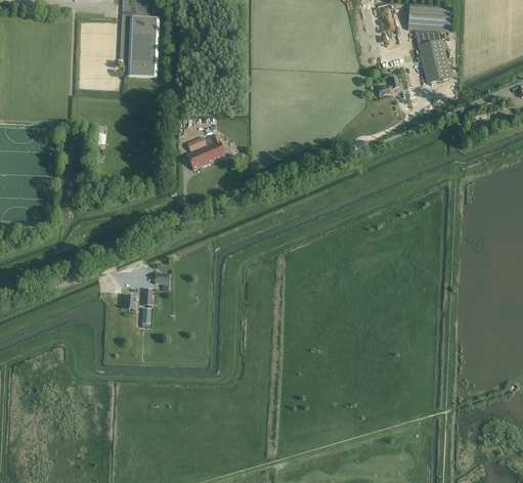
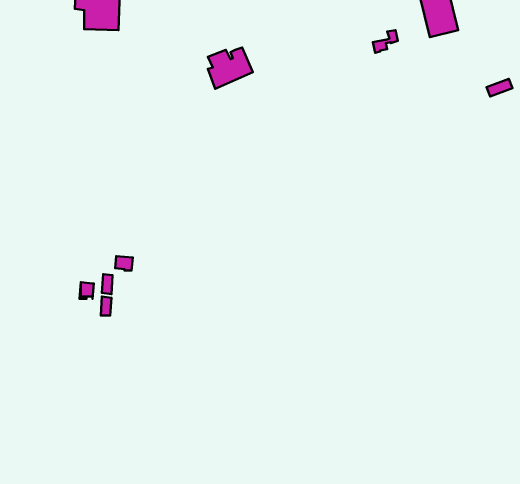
building: [186,134,225,170] -> [208,47,253,89]

